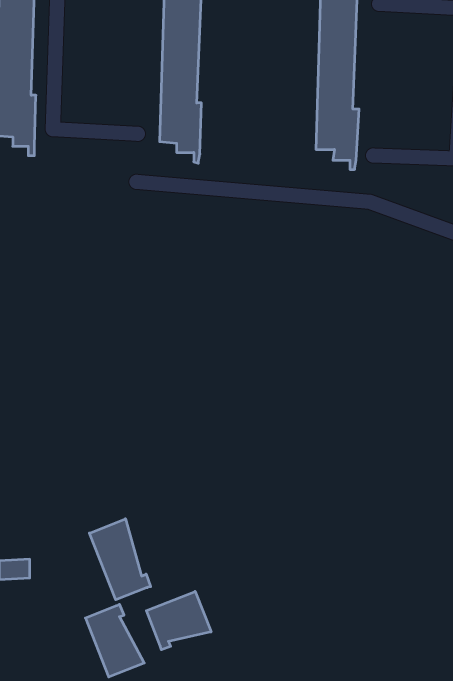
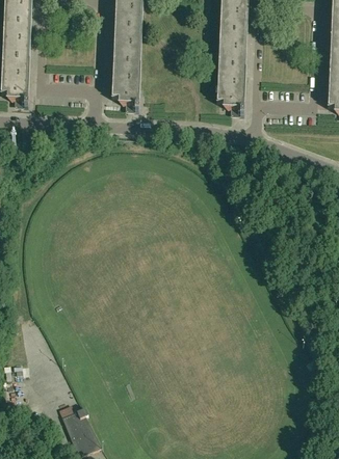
building: [89,519,151,600] -> none
building: [146,591,211,650] -> none

